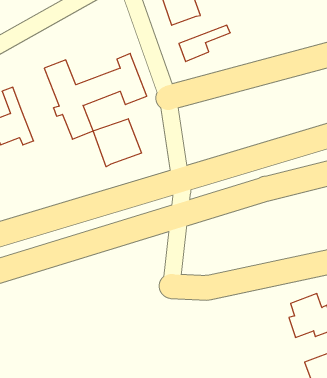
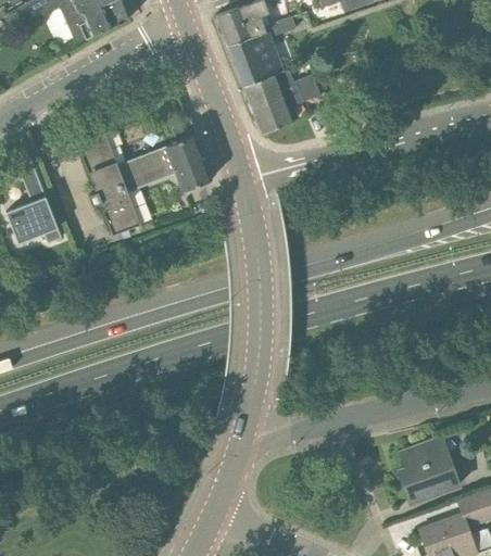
building: none -> [243,74,316,110]
building: [93,119,142,167] -> none

